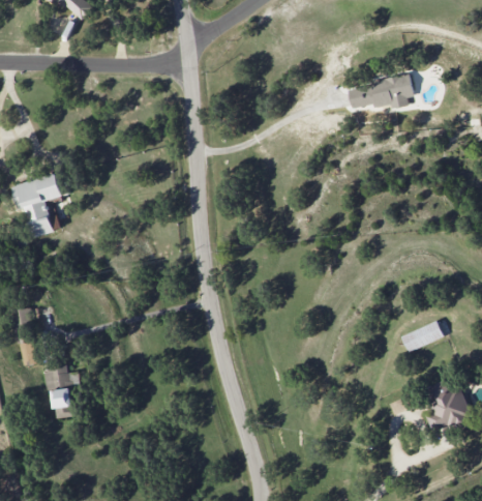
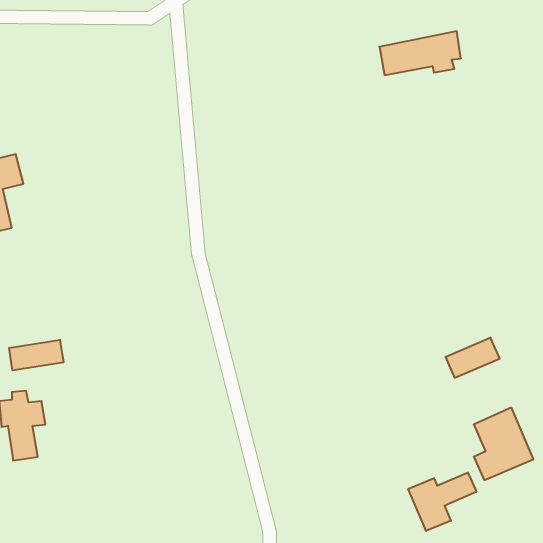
building: none -> [9,340,63,370]
building: none -> [408,472,476,531]

